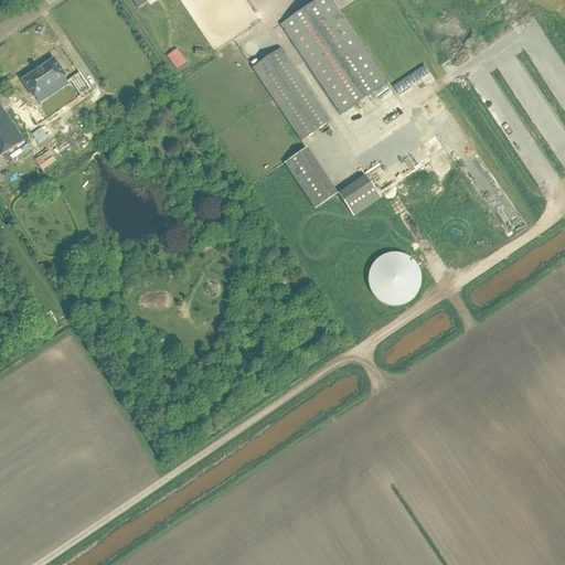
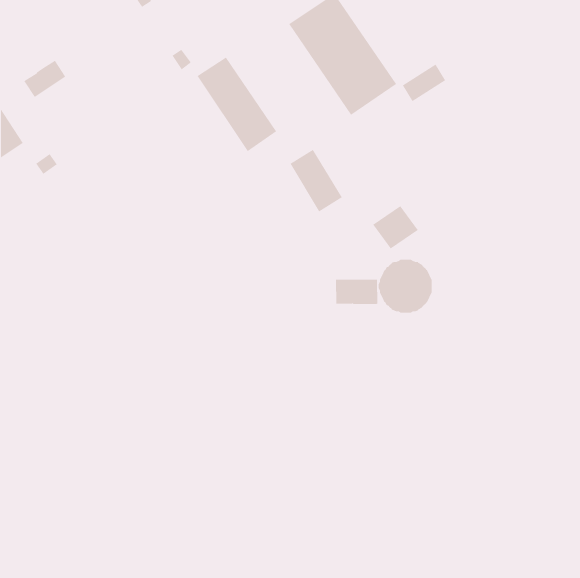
building: [252,47,330,140] -> [197,57,277,152]
building: [333,172,379,215] -> [372,205,419,249]
building: none -> [334,278,379,305]

